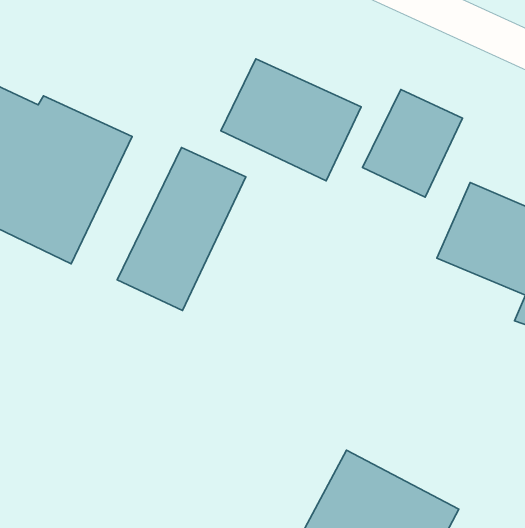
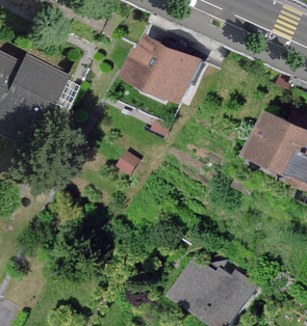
building: [362,90,462,197] -> none
building: [117,147,246,311] -> none

